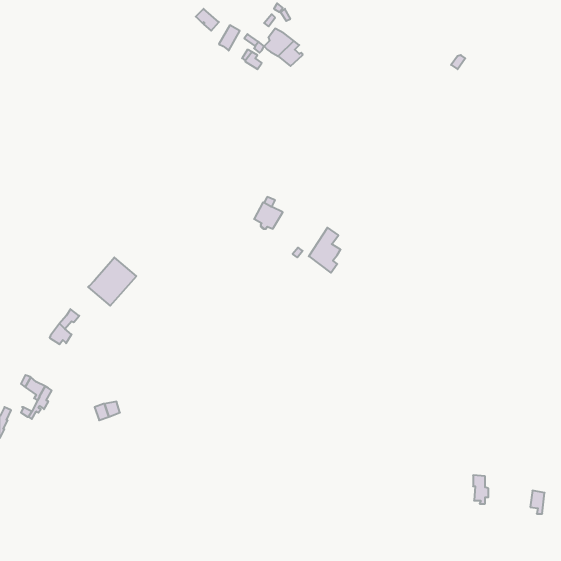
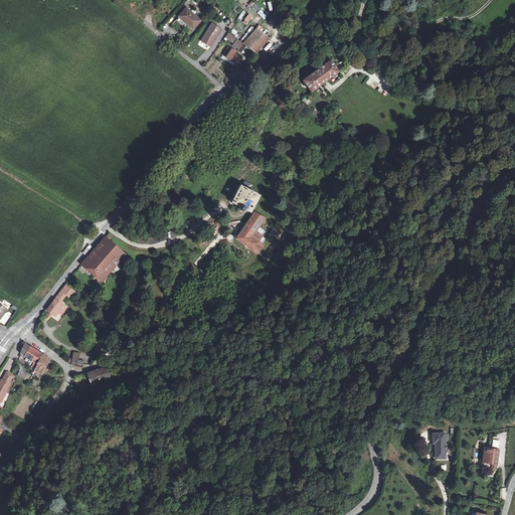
building: none -> [303,59,343,91]
building: [309,228,341,273] -> [237,210,267,251]

